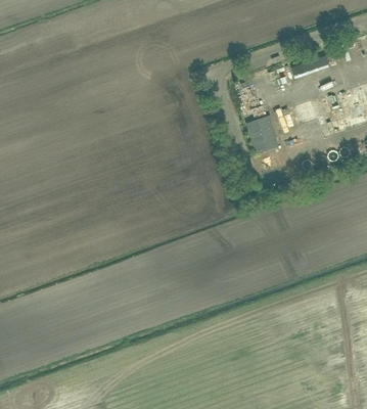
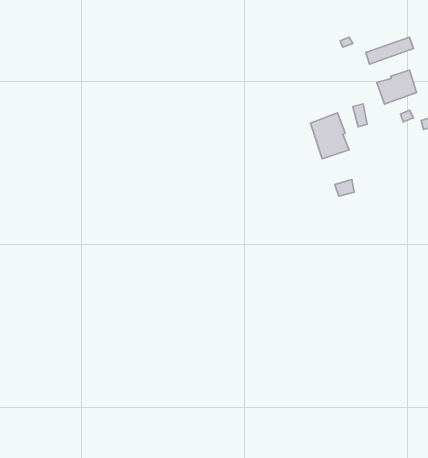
building: none -> [377,70,416,104]

